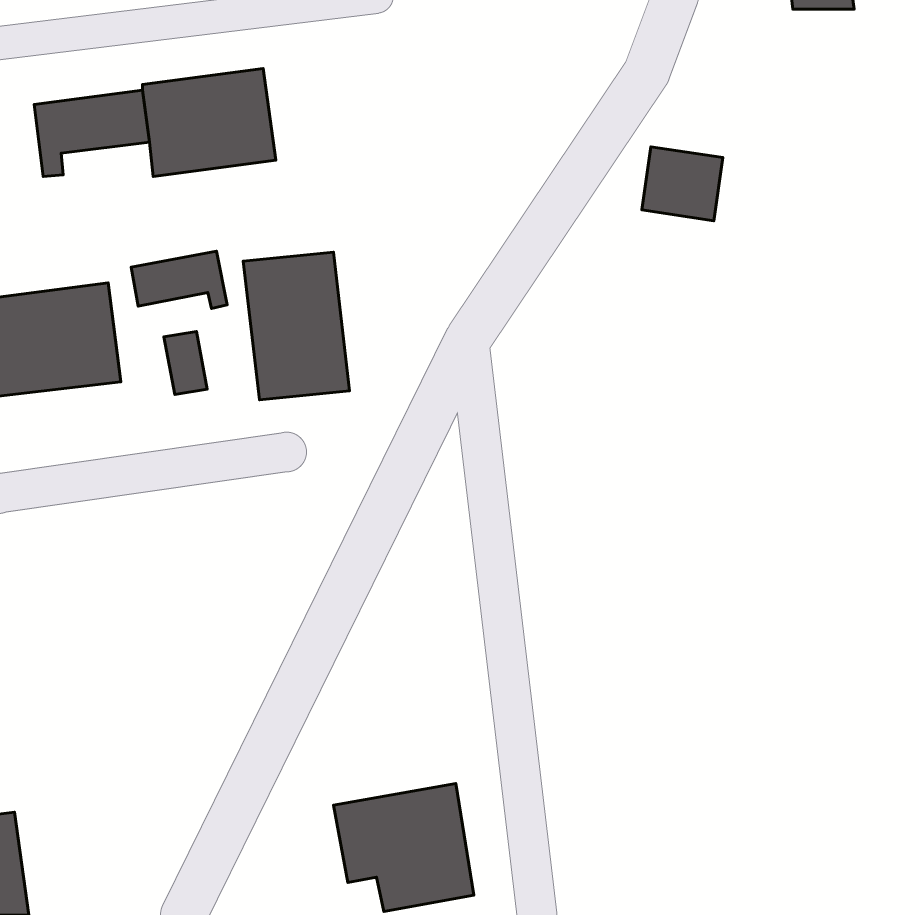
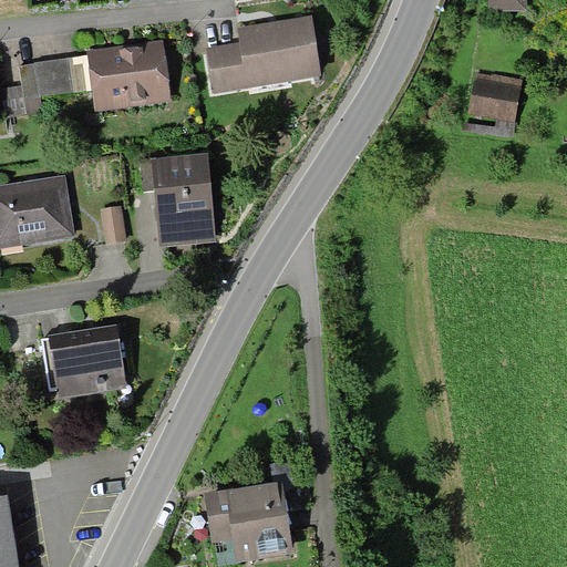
building: none -> [209,20,317,87]
building: [642,147,723,221] -> [468,73,518,118]
building: [131,251,227,308] -> none
building: none -> [50,342,124,395]

